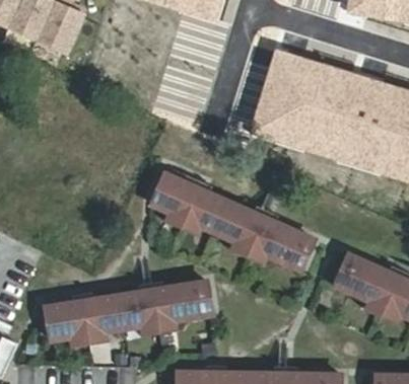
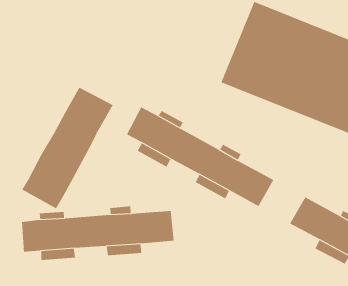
building: none -> [22,87,113,209]

